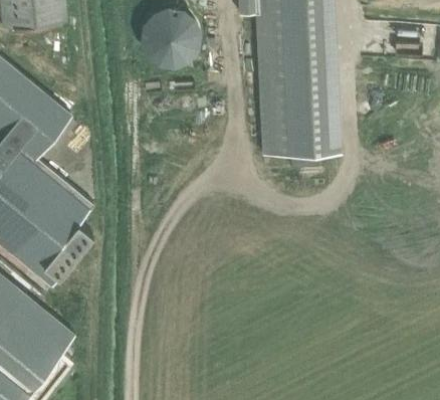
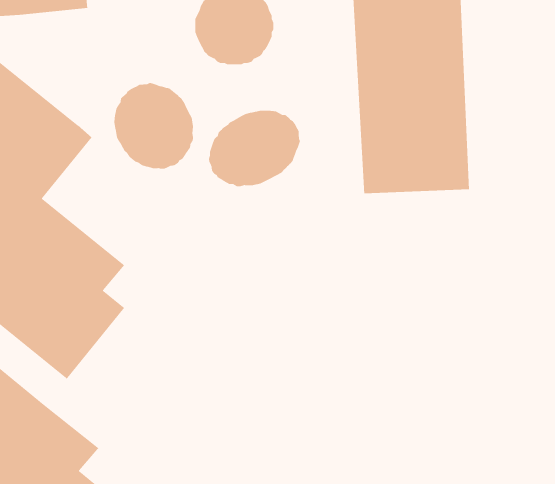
building: none -> [113,82,194,170]
building: none -> [208,110,301,187]

